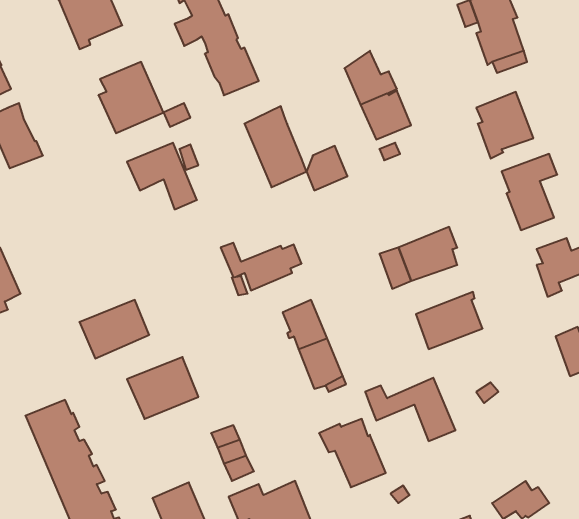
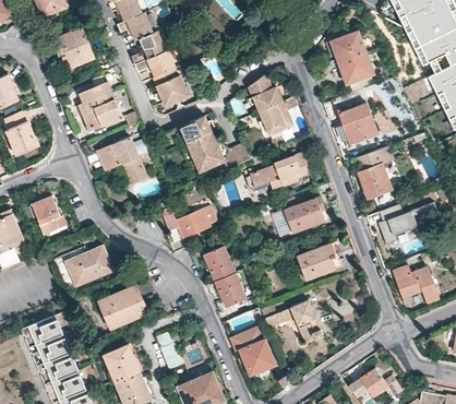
building: none -> [250,152,312,190]
building: none -> [32,194,68,234]
building: none -> [104,344,141,382]

